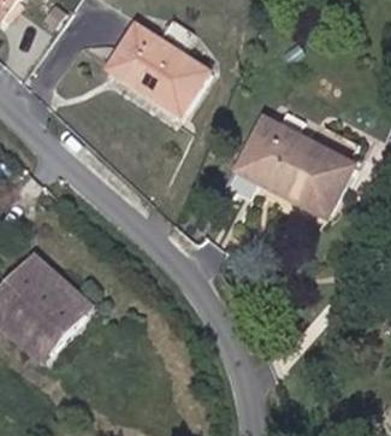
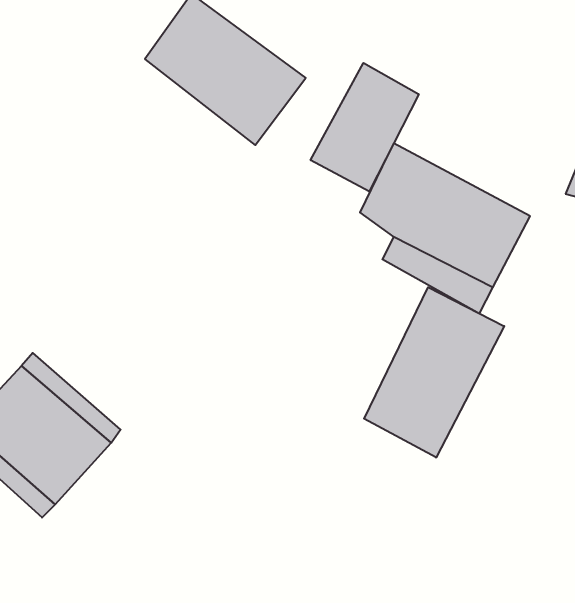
building: none -> [311,63,419,192]
building: none -> [364,287,504,458]

